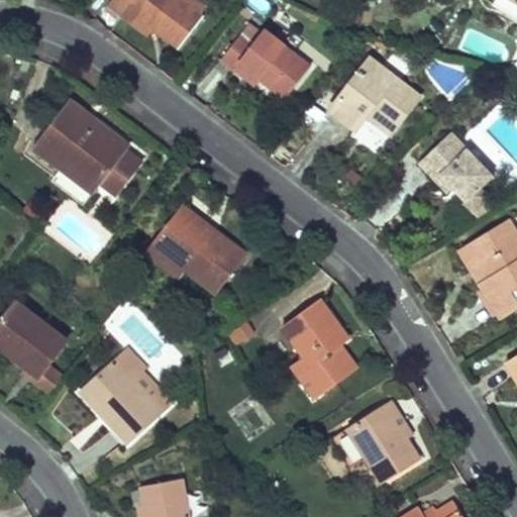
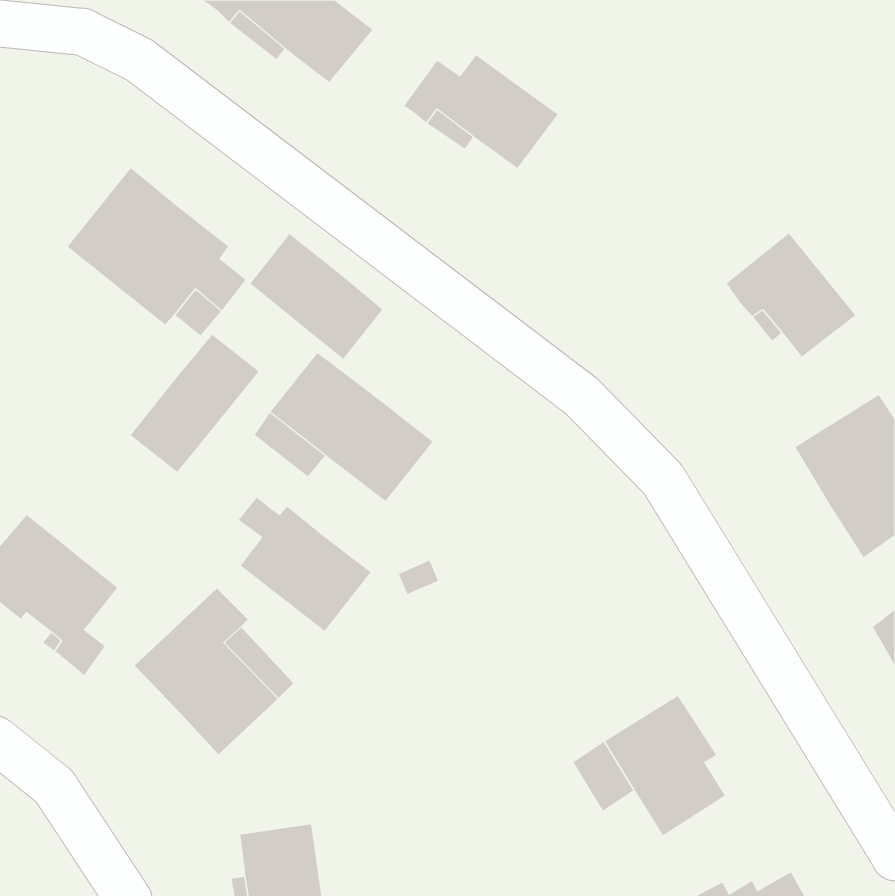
building: [330,61,418,134] -> none
building: none -> [249,233,383,360]
building: none -> [130,334,259,473]
building: none -> [238,497,372,632]
building: [280,298,355,397] -> none

